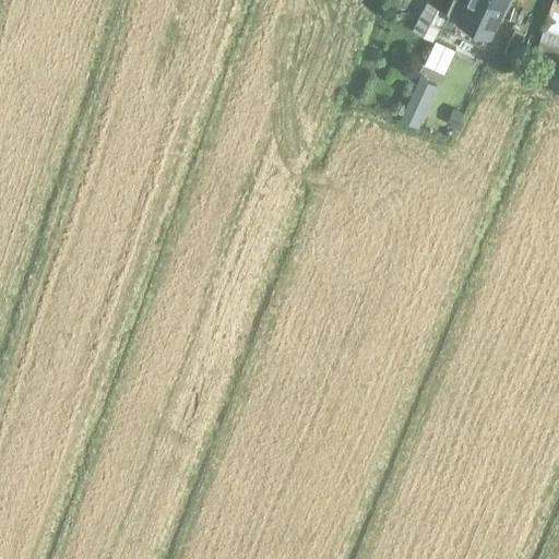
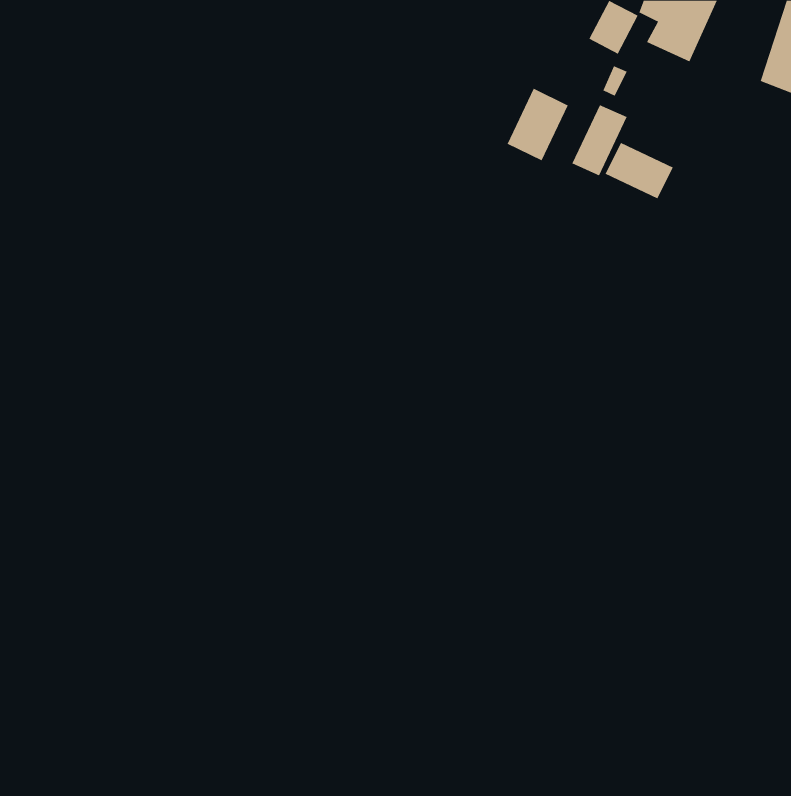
building: none -> [507,88,568,161]
building: none -> [605,142,673,199]

